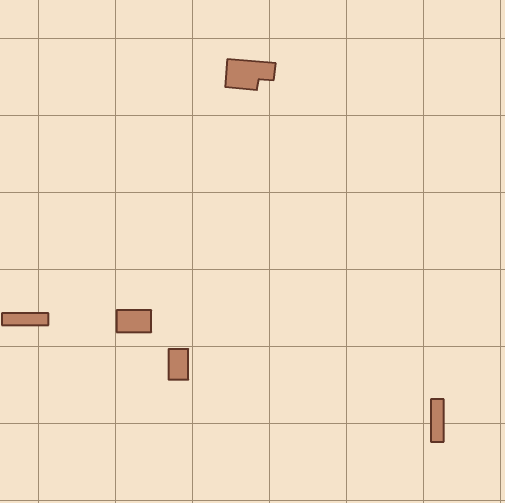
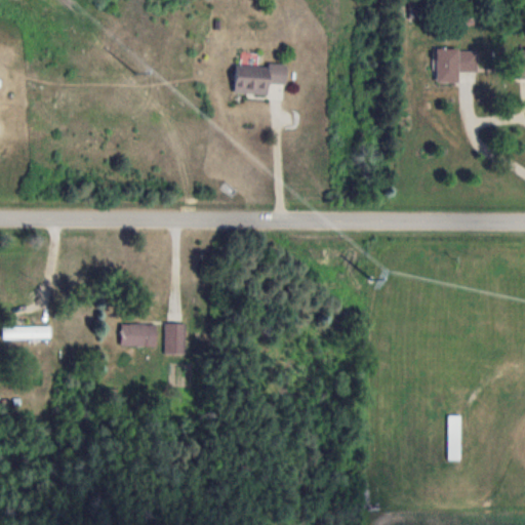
building: none -> [436,49,478,83]
building: [169,349,188,380] -> [165,323,186,355]

